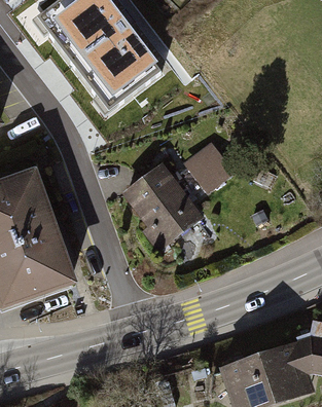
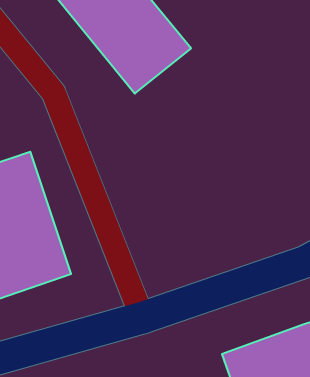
building: [184,141,237,194] -> none
building: [121,162,202,248] -> none

